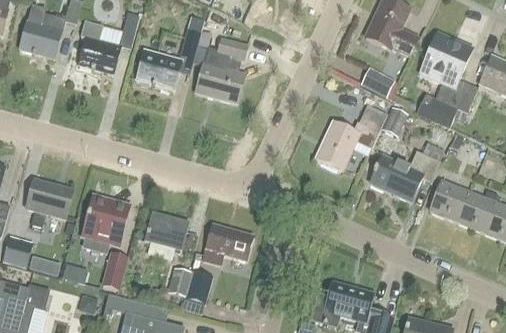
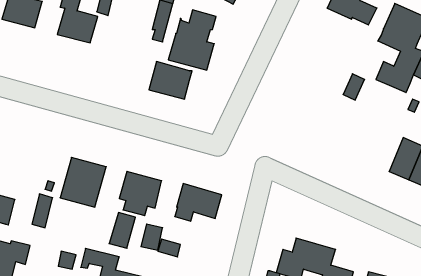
building: [136,49,182,89] -> [149,62,192,99]
building: [360,70,395,97] -> none
building: [316,104,387,169] -> none
building: [370,150,441,201] -> none
building: [26,178,73,226] -> none
building: [100,251,128,289] -> [109,213,135,248]

